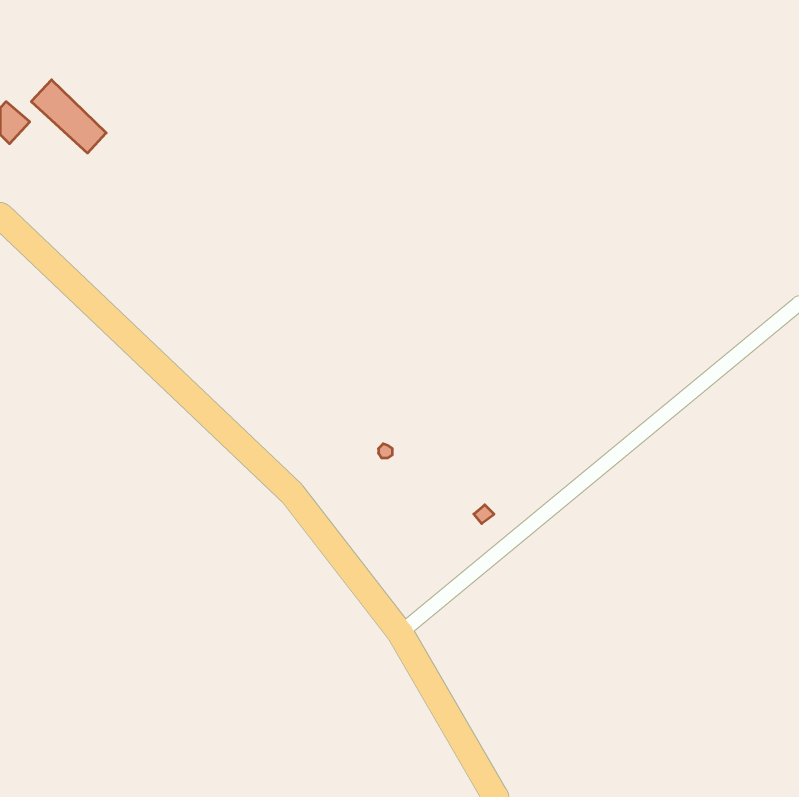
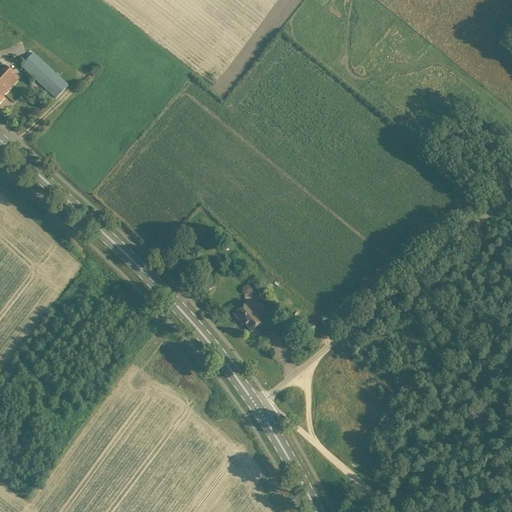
building: none -> [233,301,264,331]

